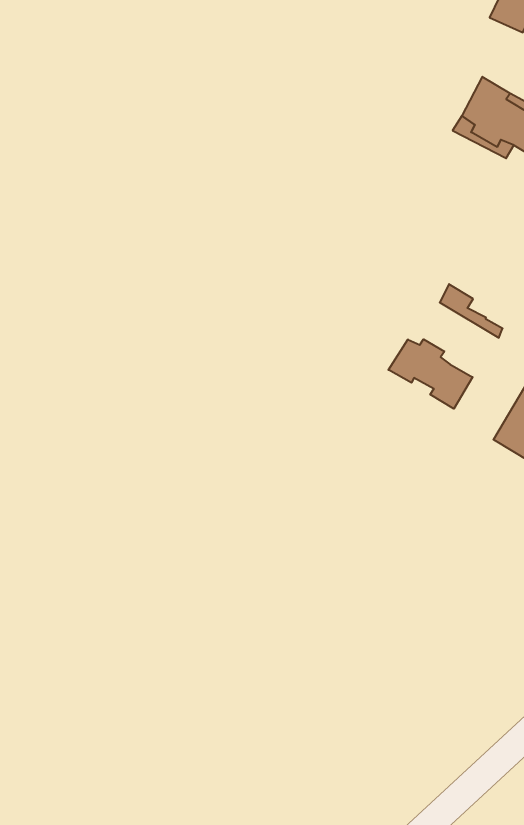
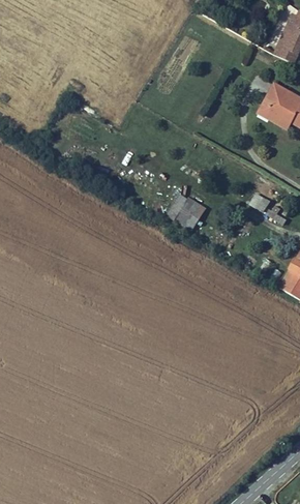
building: none -> [175,199,205,232]
building: [388,339,473,409] -> none

